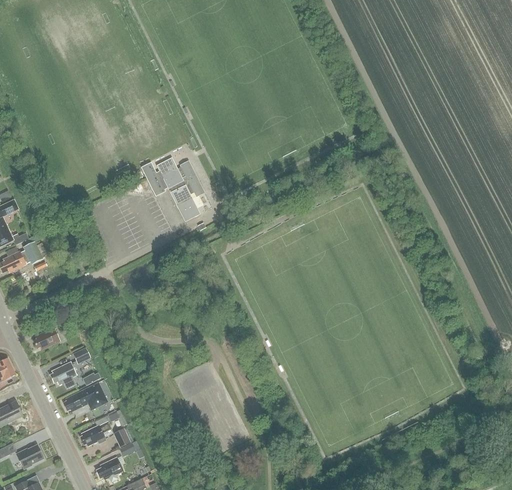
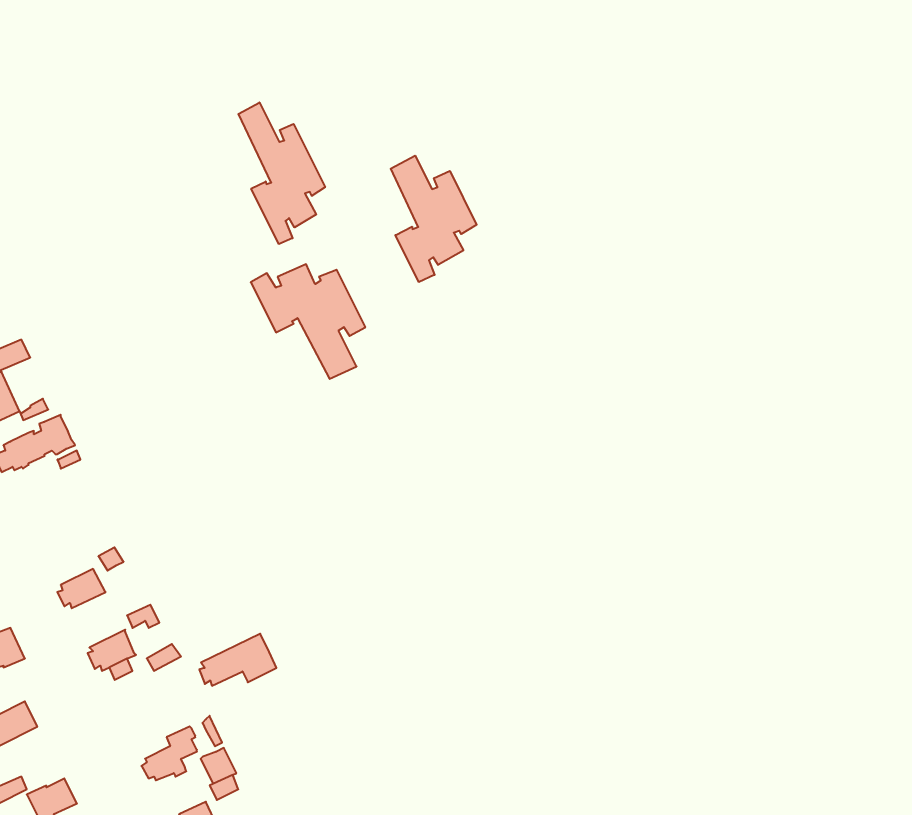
building: none -> [238,102,325,244]
building: none -> [391,156,477,282]
building: [63,381,106,410] -> [199,634,276,686]

